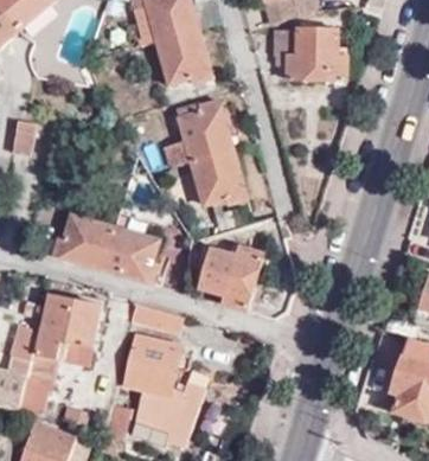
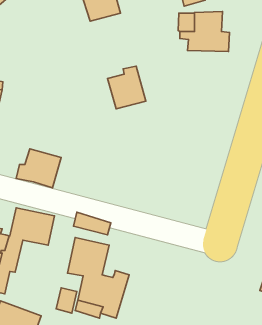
building: [154,30,210,83] -> none
building: [190,149,244,204] -> none
building: [103,226,158,282] -> none
building: [199,245,263,308] -> none

